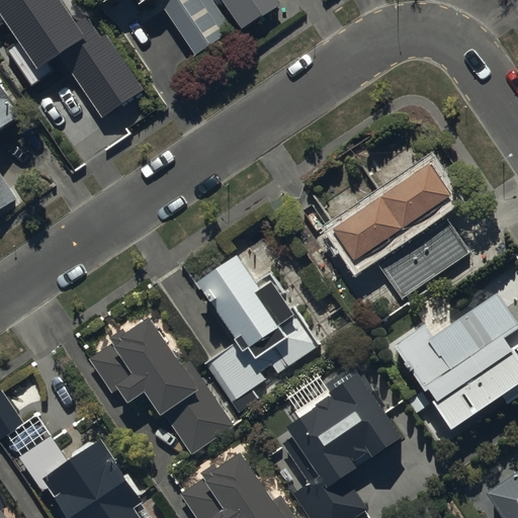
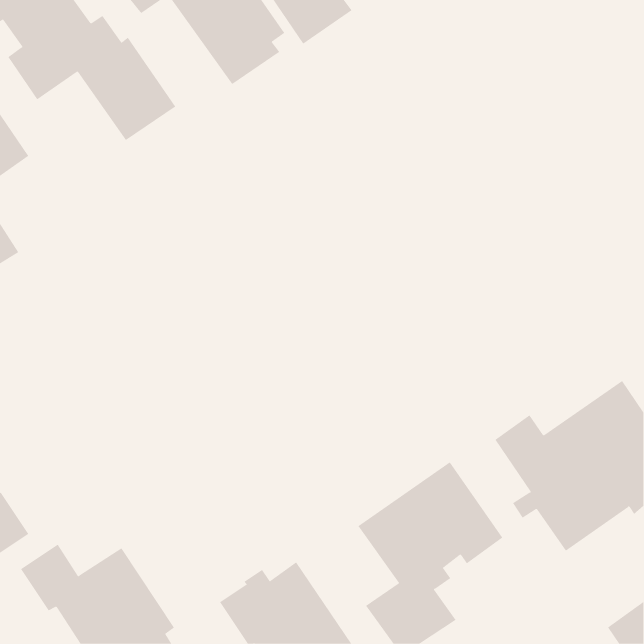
building: [331,170,467,301] -> none
building: [193,241,312,391] -> none
building: [87,321,232,452] -> none

